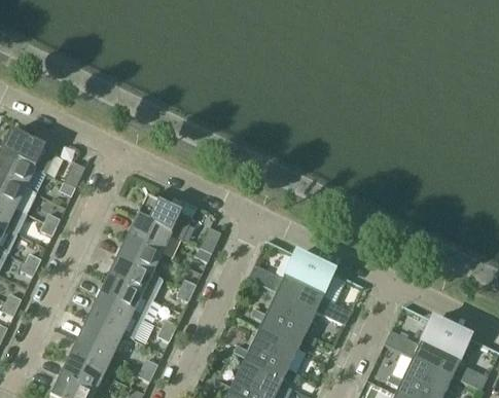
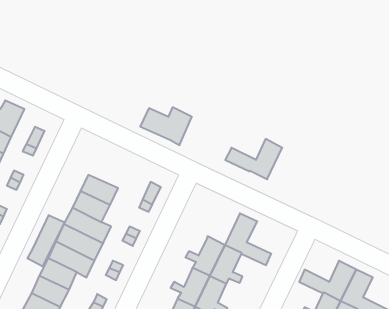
building: [135,197,195,242] -> [140,107,192,145]
building: [246,255,313,302] -> [225,139,282,179]
building: none -> [28,215,65,266]

